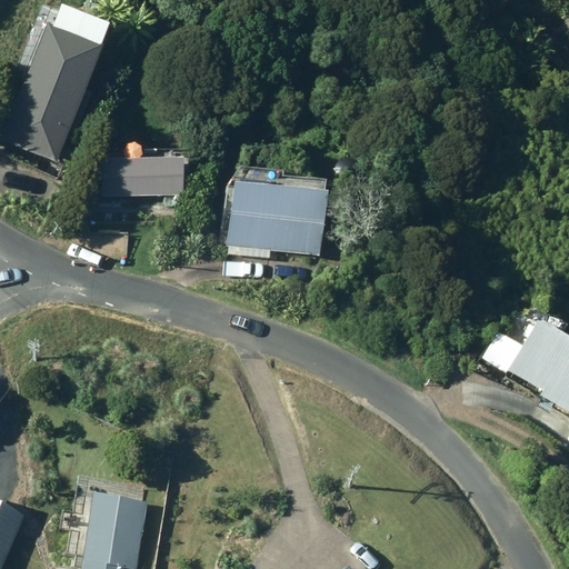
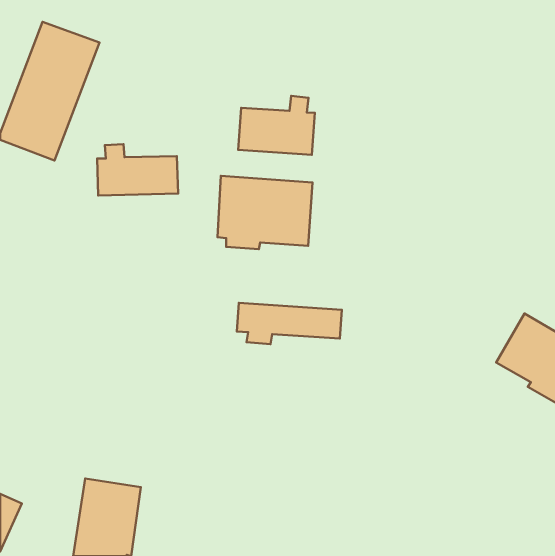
building: none -> [238,96,315,155]
building: none -> [237,303,342,344]

